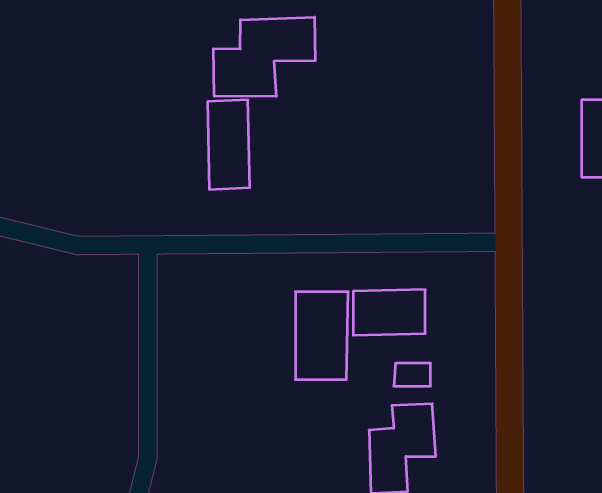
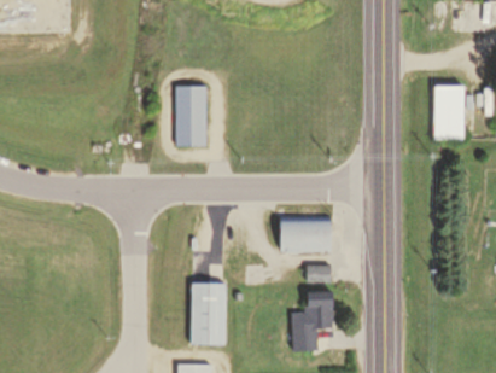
building: [213,17,315,96] -> none
building: [295,292,348,380] -> [191,282,227,343]

